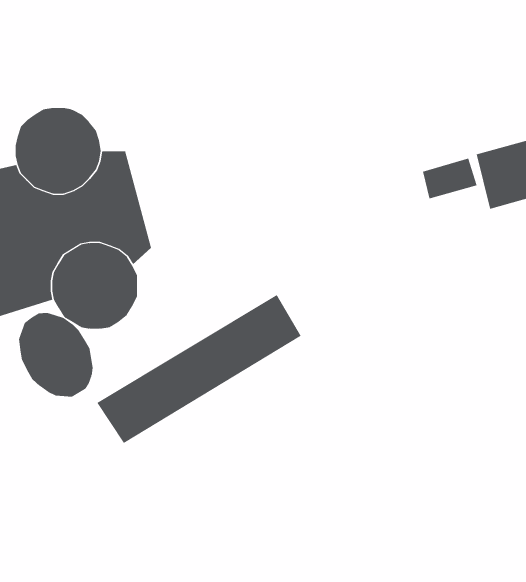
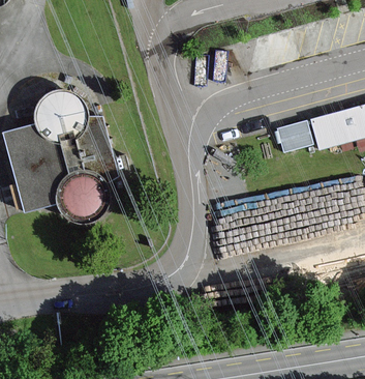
building: [96,294,301,444] -> none
building: [19,312,93,398] -> none

